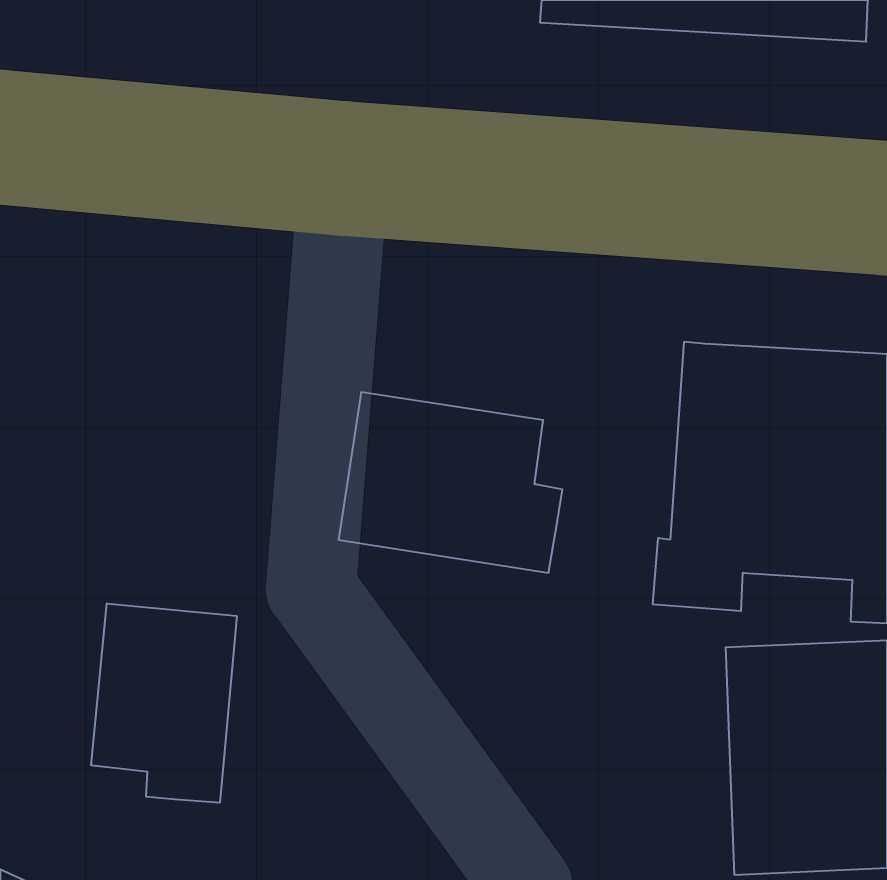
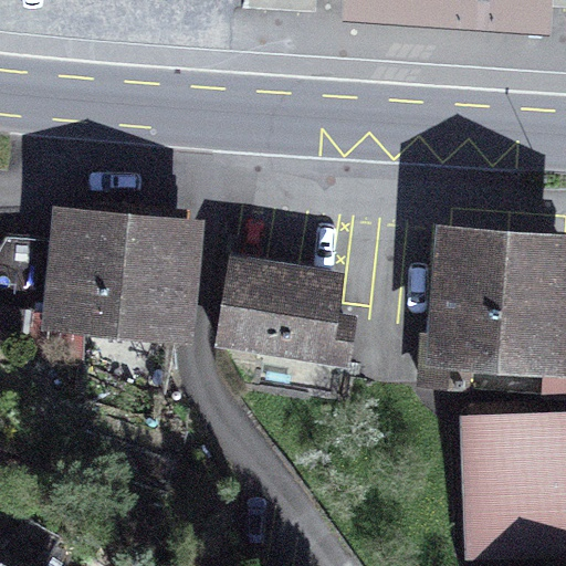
building: none -> [41,206,203,344]
building: [91,603,237,803] -> none

